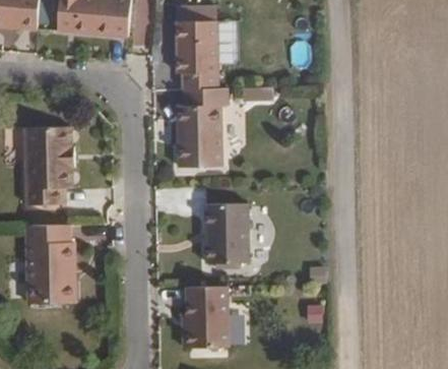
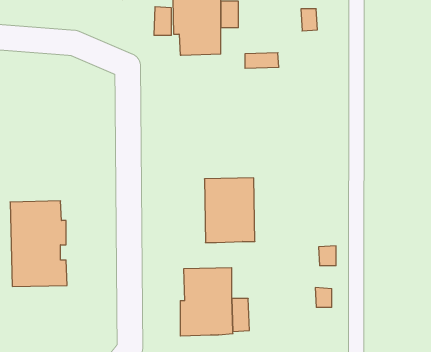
building: [176,87,229,169] -> none
building: [22,126,74,205] -> none

